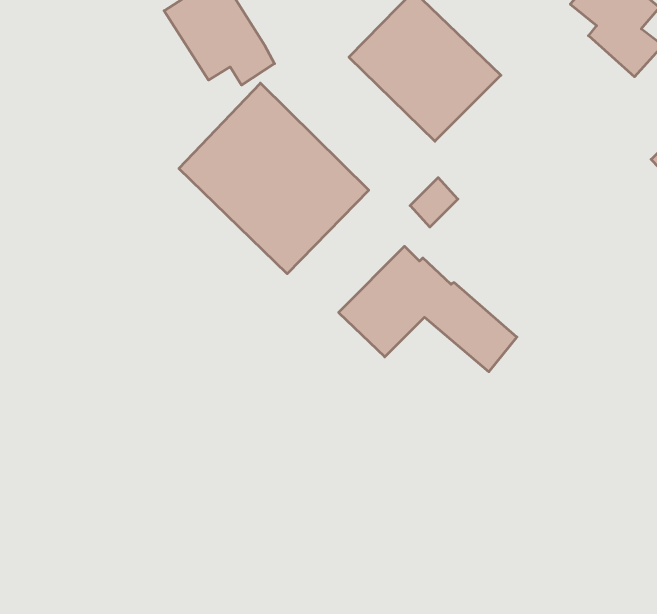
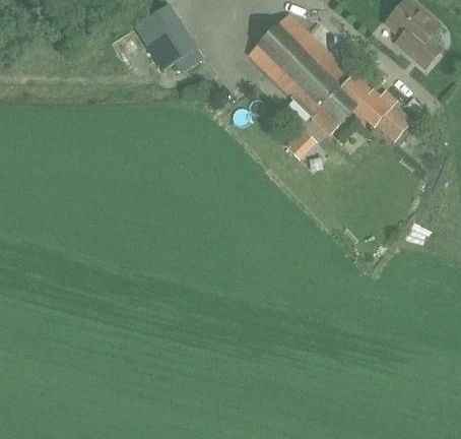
building: [179,83,369,274] -> none
building: [339,246,517,372] -> [301,65,410,142]

